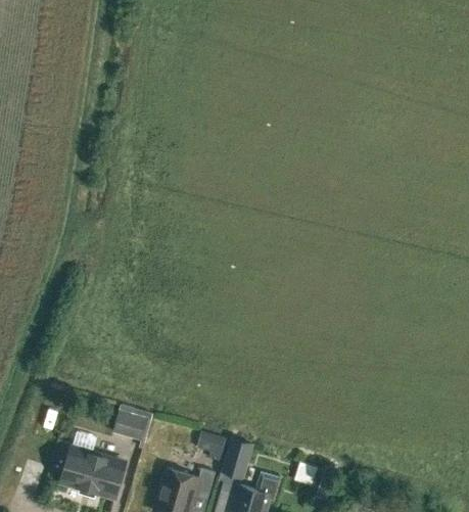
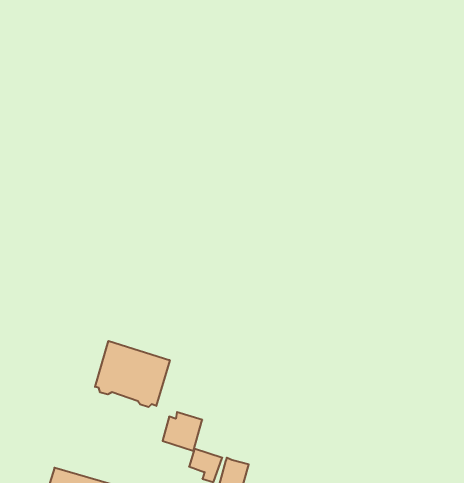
building: none -> [95,341,170,407]
building: [113,408,150,444] -> [163,412,202,451]

